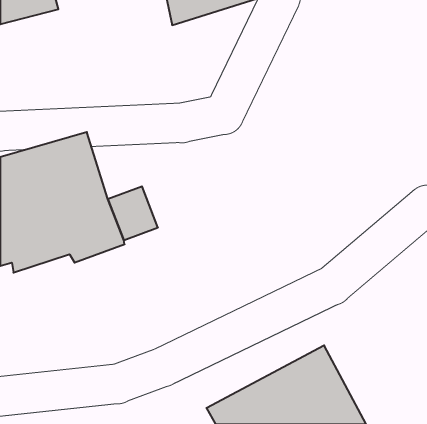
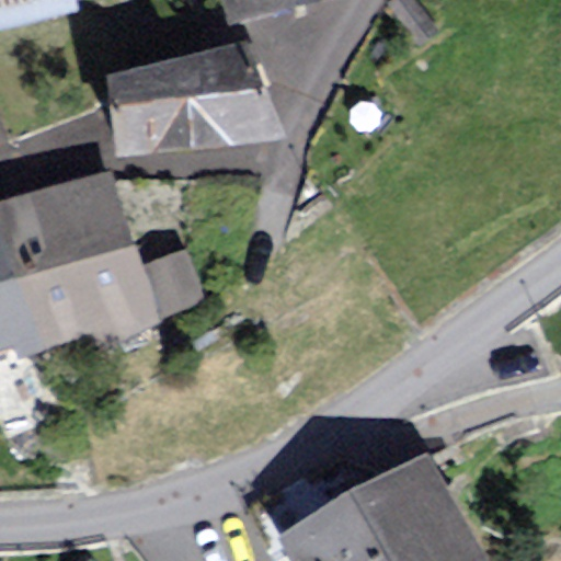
building: none -> [99,45,261,161]

